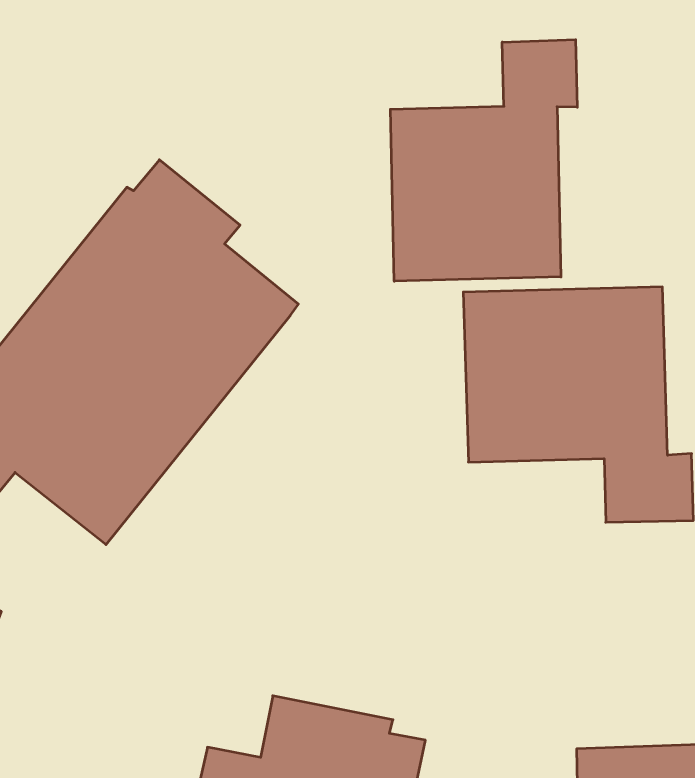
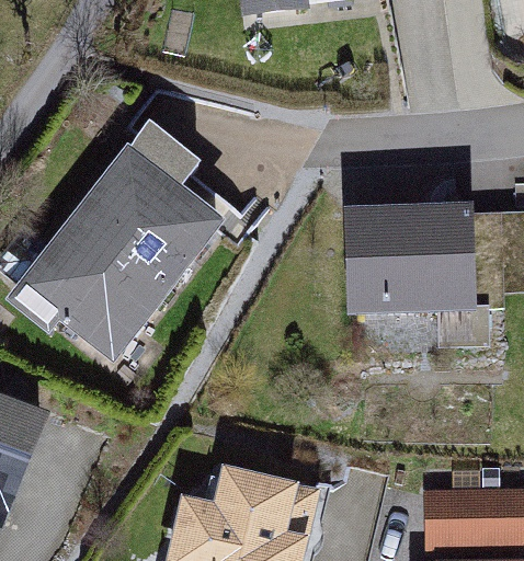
building: [390,40,577,281] -> none

